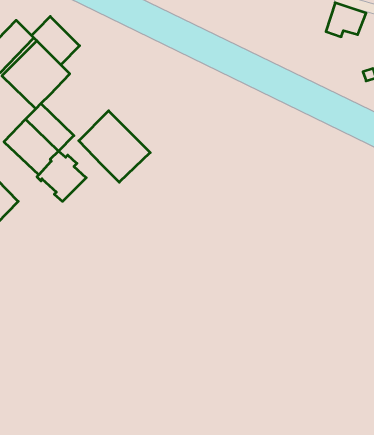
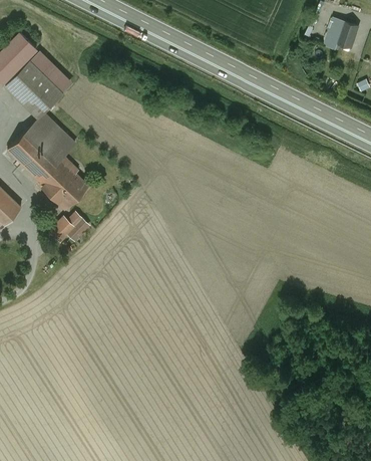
building: [32,16,80,65] -> none
building: [79,111,150,182] -> none
building: none -> [47,214,88,242]

